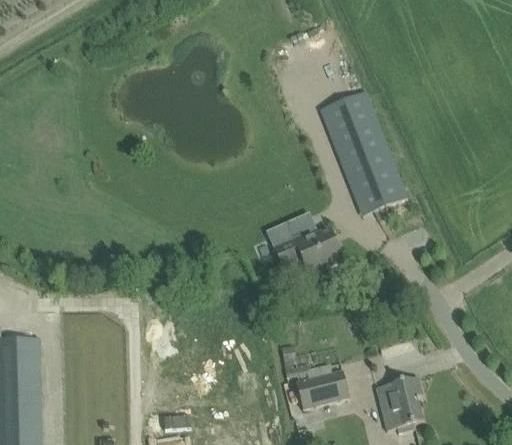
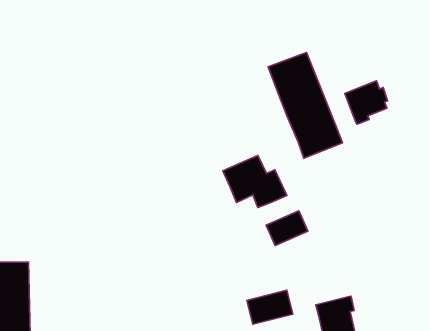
building: none -> [345,81,388,124]
building: none -> [266,211,308,245]

